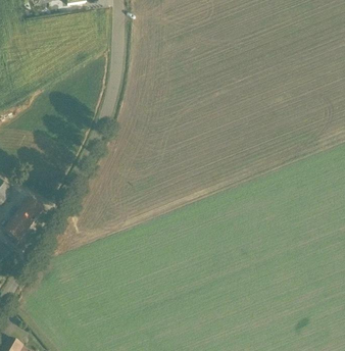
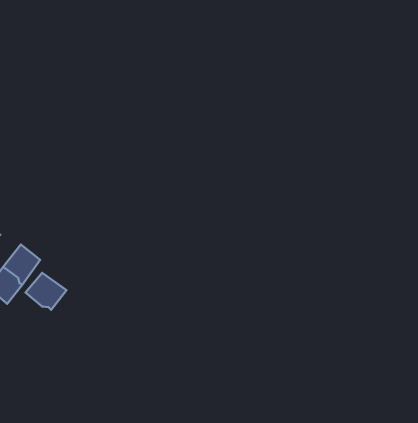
building: none -> [26,273,66,310]

